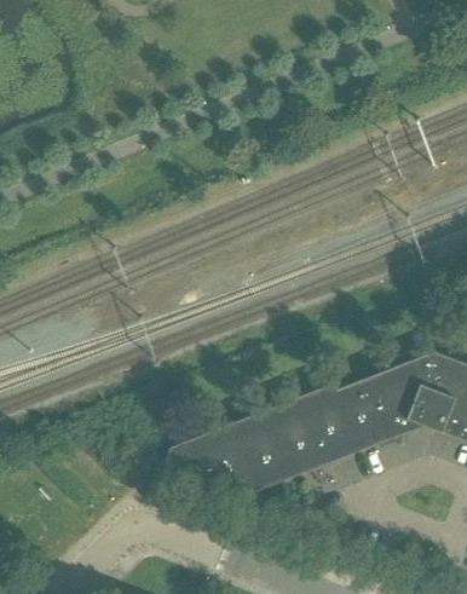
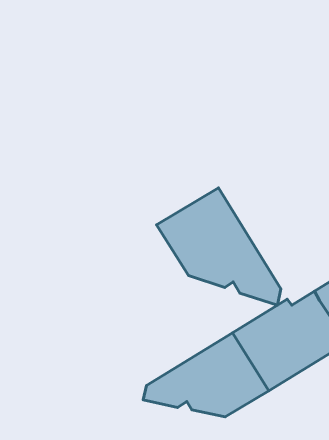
building: none -> [157,188,281,305]

